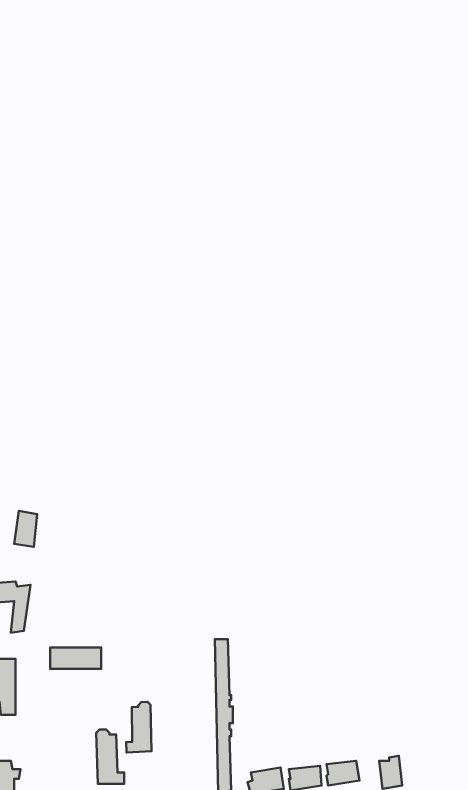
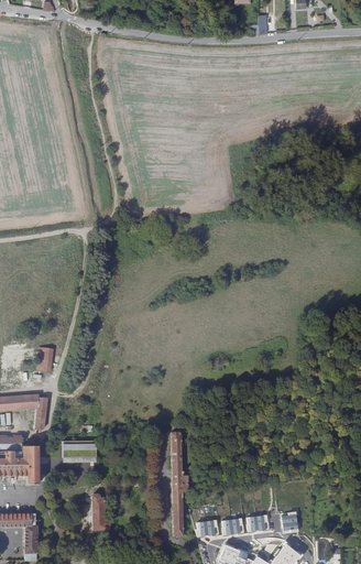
building: [126,702,152,753] -> none

